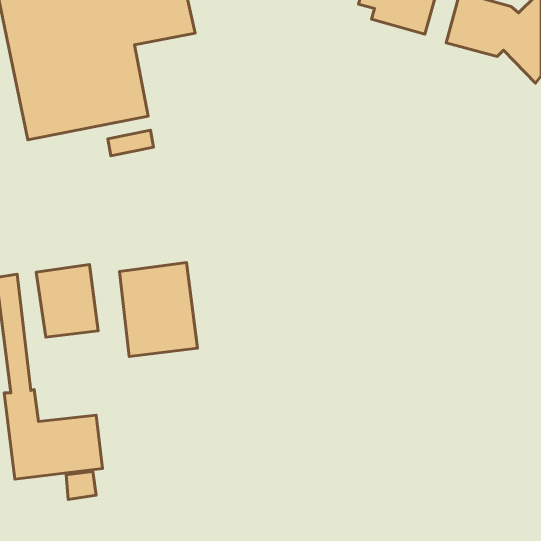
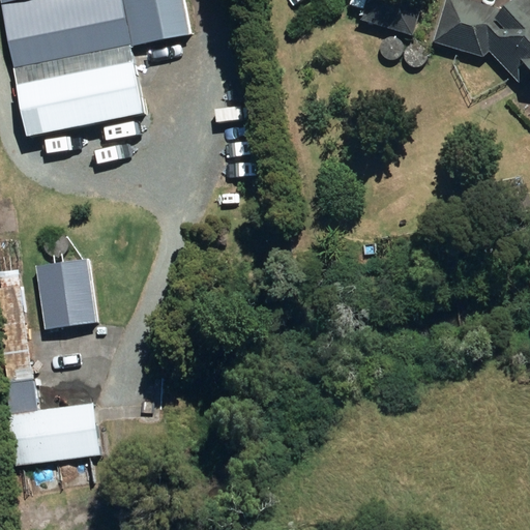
building: [120,263,198,356] -> none

